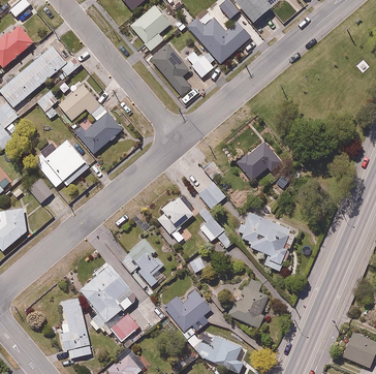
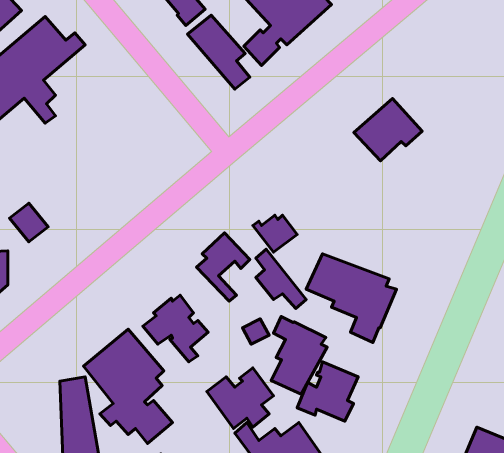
building: [57,83,121,153] -> none
building: [35,137,91,188] -> none
building: [236,137,283,181] -> [354,99,422,161]
building: none -> [271,316,327,394]

